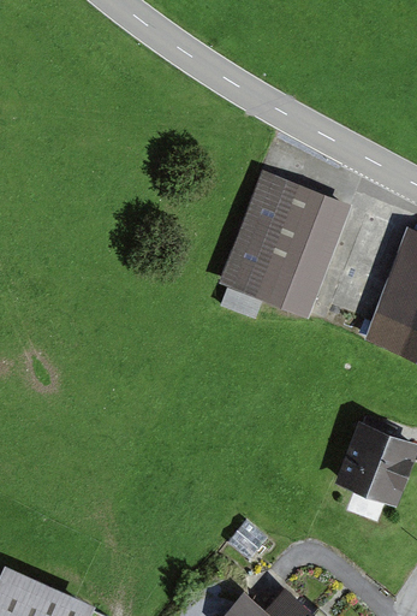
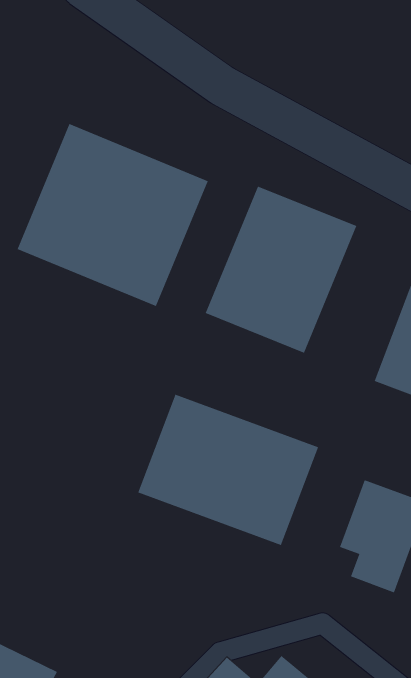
building: none -> [17,123,208,307]
building: none -> [138,394,319,546]

